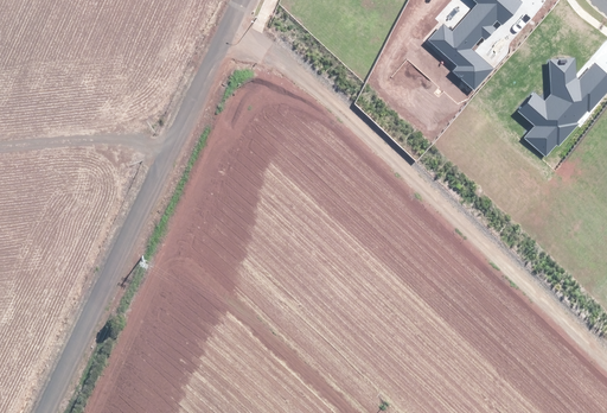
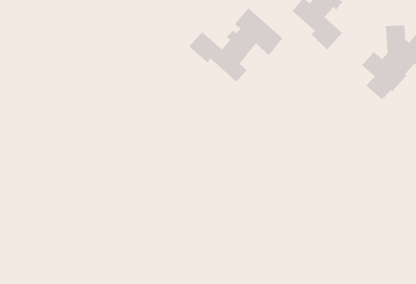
building: none -> [188,7,283,82]

